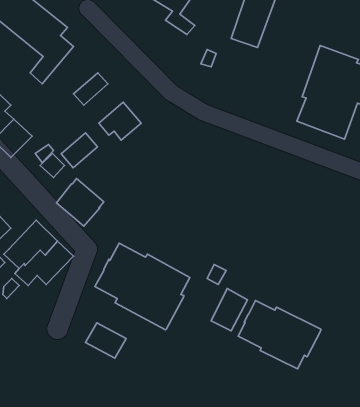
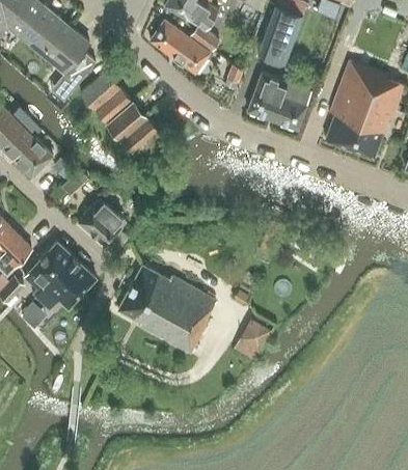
building: none -> [149,20,210,73]
building: none -> [81,72,119,110]
building: none -> [247,74,308,129]
building: [61,133,98,168] -> [107,103,144,139]
building: [238,301,321,369] -> none
building: [85,323,126,358] -> none

